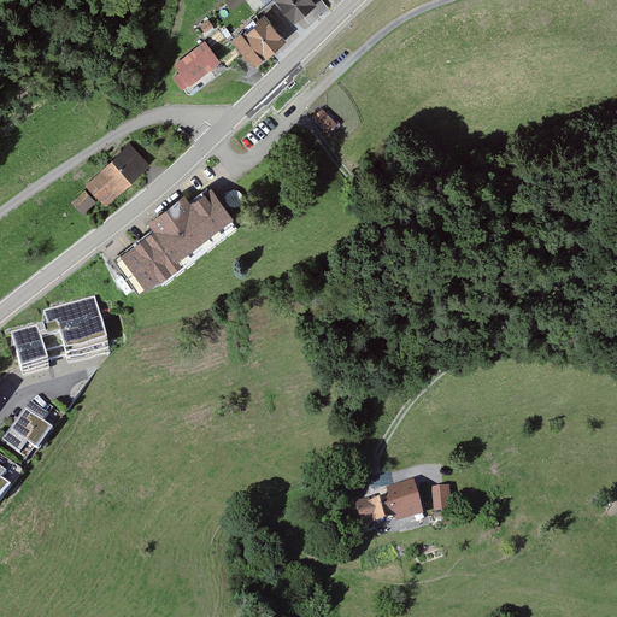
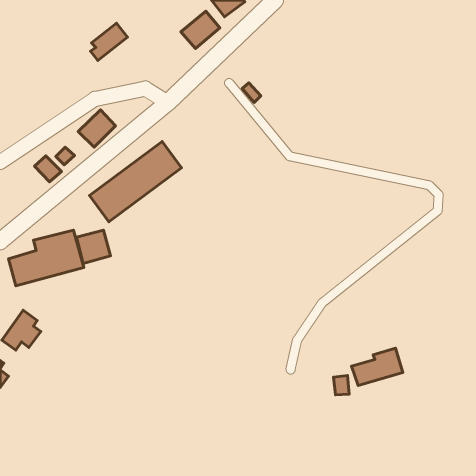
building: [172,40,221,88] -> [90,23,128,61]
building: [87,170,122,204] -> [35,156,62,182]
building: none -> [76,230,110,264]
building: [355,482,422,530] -> [352,348,403,386]

